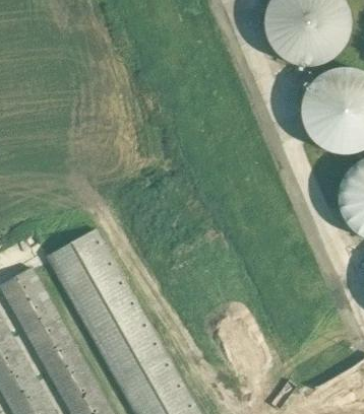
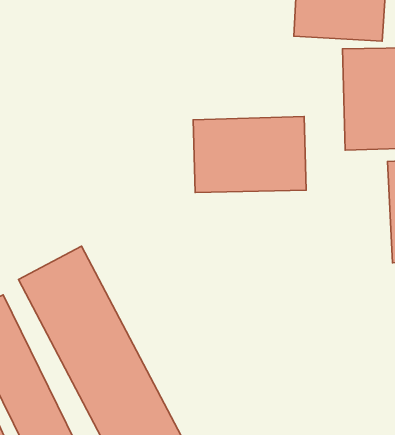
building: none -> [193,117,306,192]

